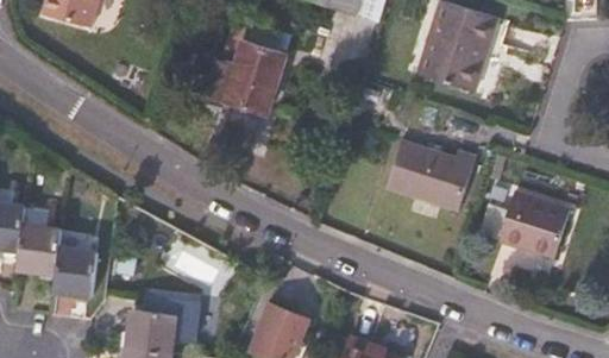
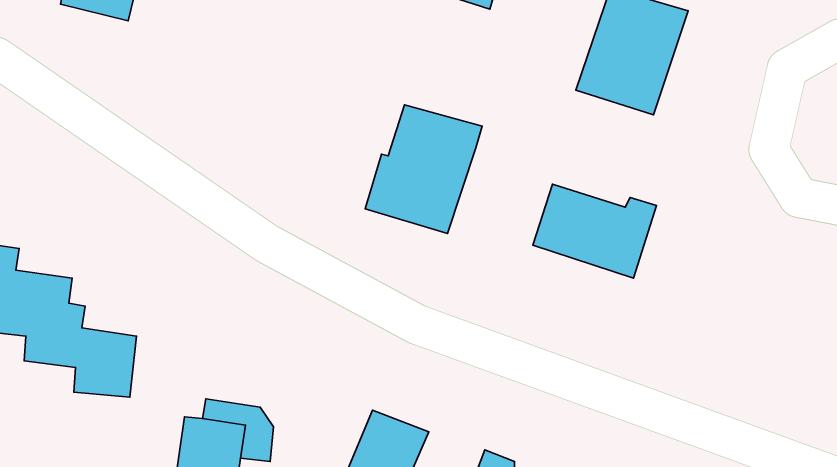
building: [205,21,289,114] -> [365,105,482,234]
building: [496,194,567,258] -> none

